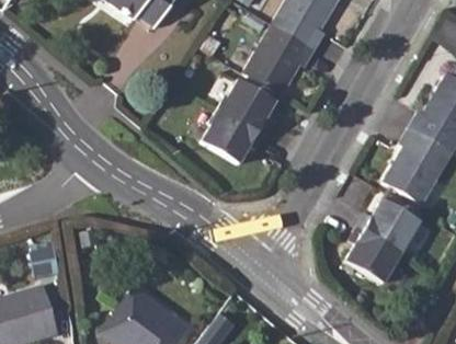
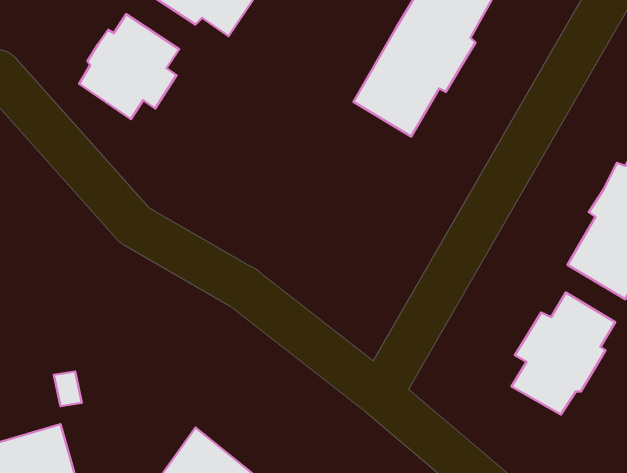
building: none -> [79,14,179,119]
building: [198,80,272,163] -> none

